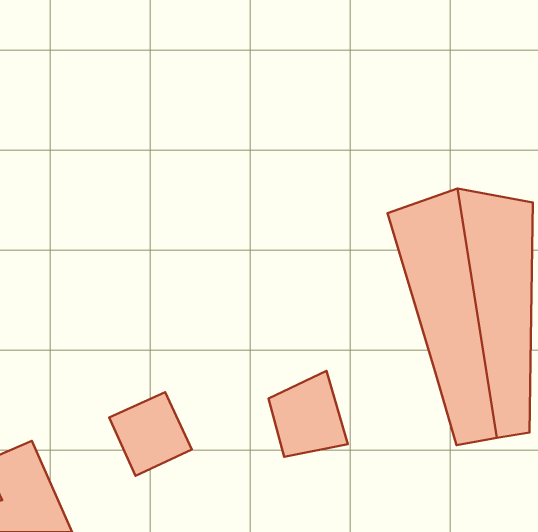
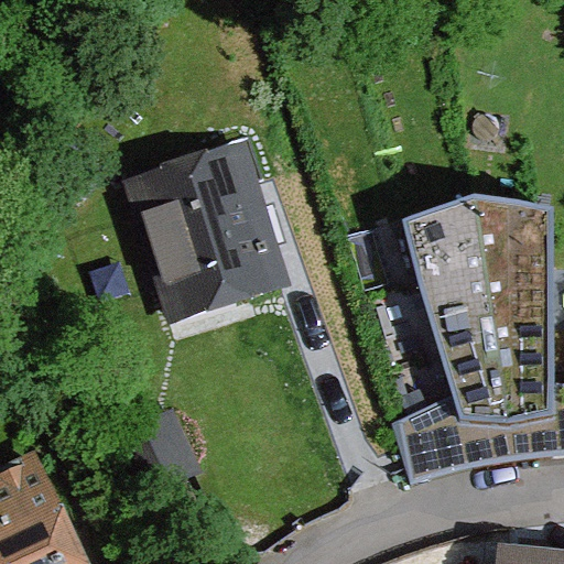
building: none -> [137,147,276,313]
building: [268,371,348,457] -> [392,387,475,476]

